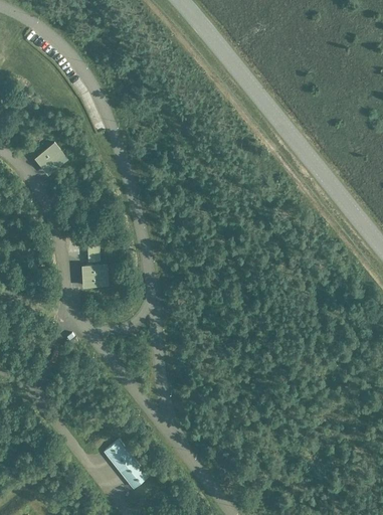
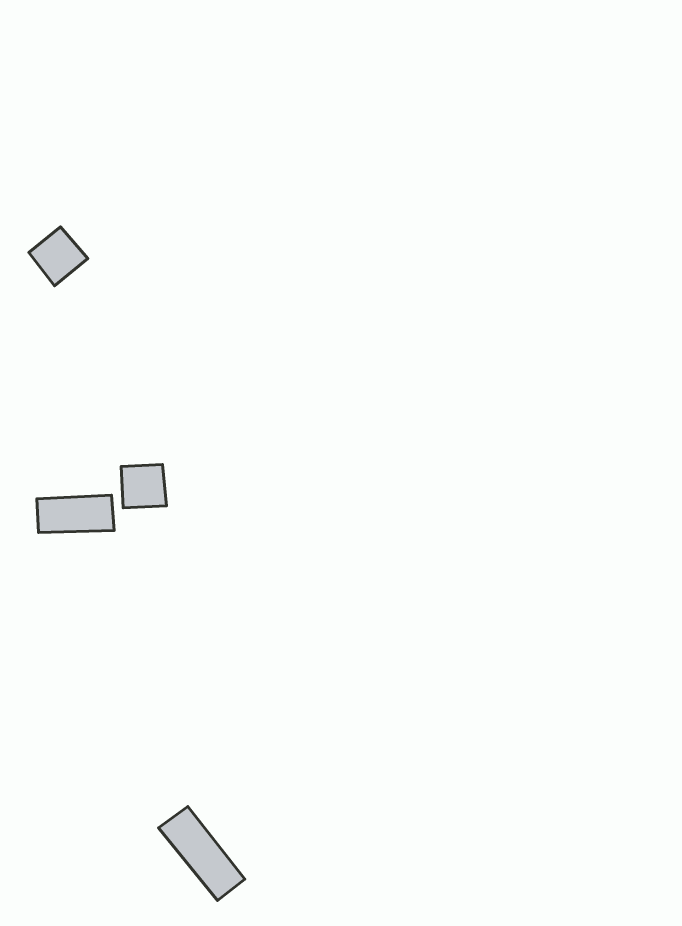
building: none -> [37,495,114,533]

